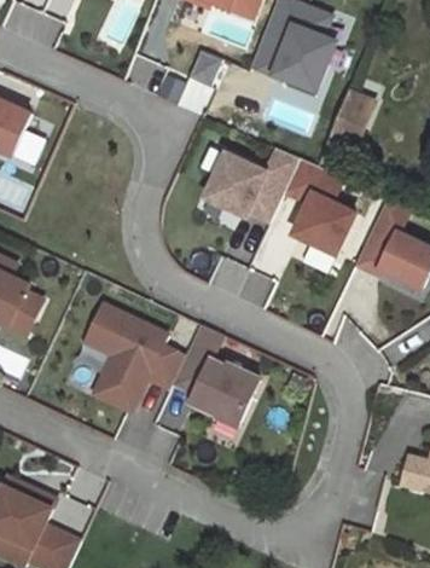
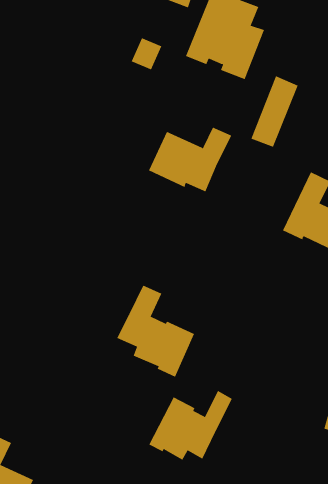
building: [284,158,355,253] -> none
building: [85,305,185,410] -> none
building: none -> [148,390,232,461]

